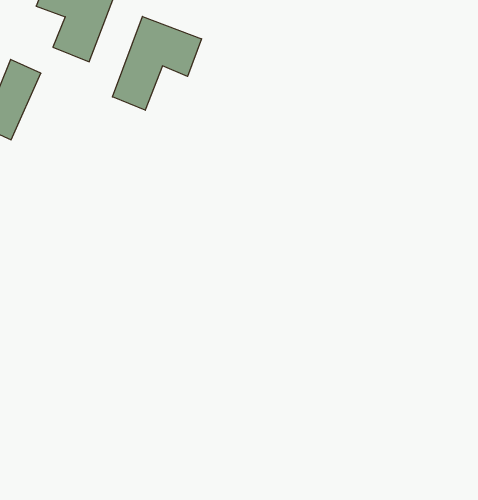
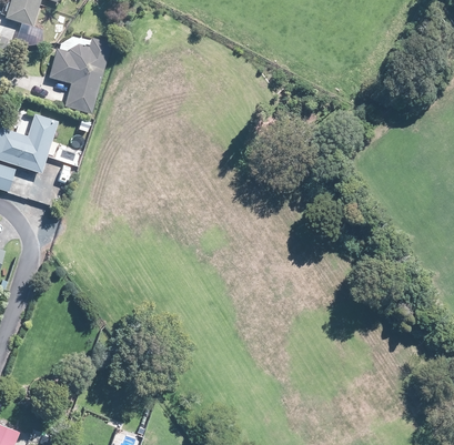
building: [112,16,202,110] -> none

